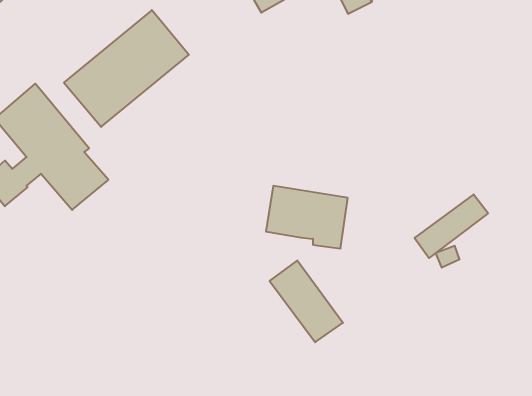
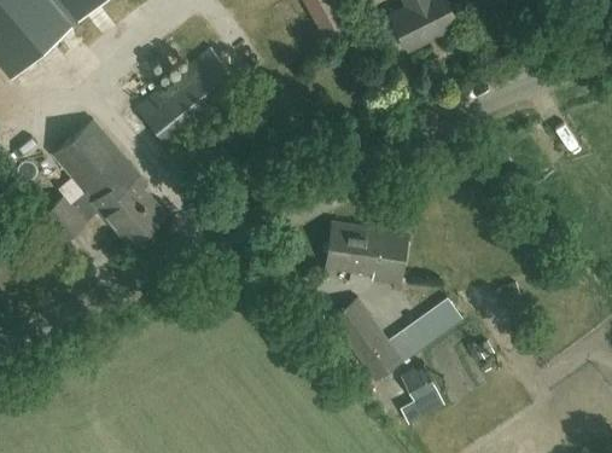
building: [415,194,488,258] -> [389,297,462,361]
building: none -> [400,362,438,403]

